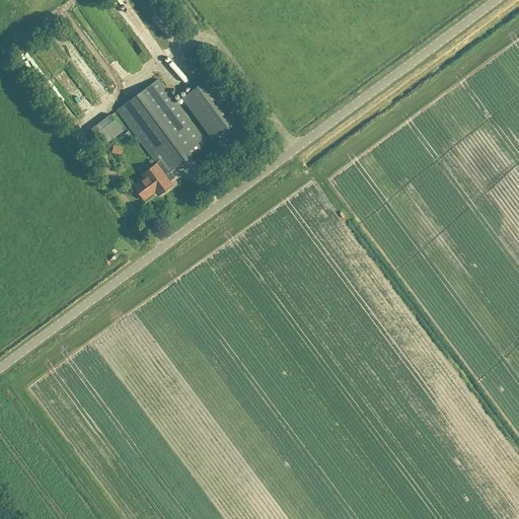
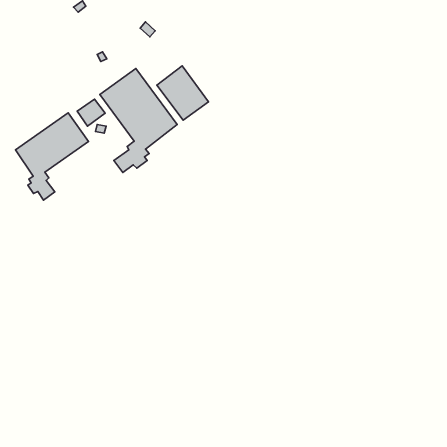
building: none -> [16,113,89,200]

